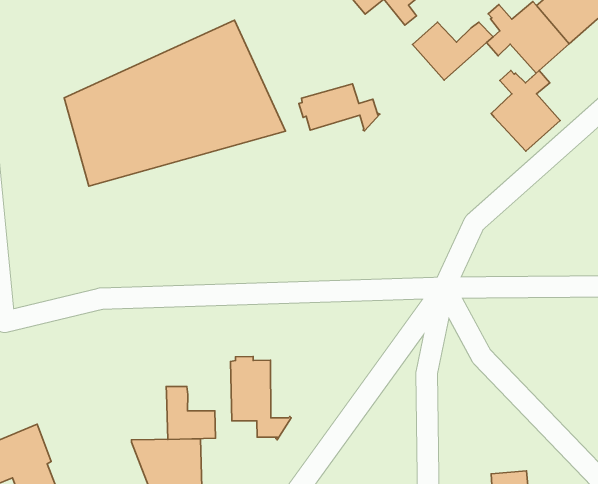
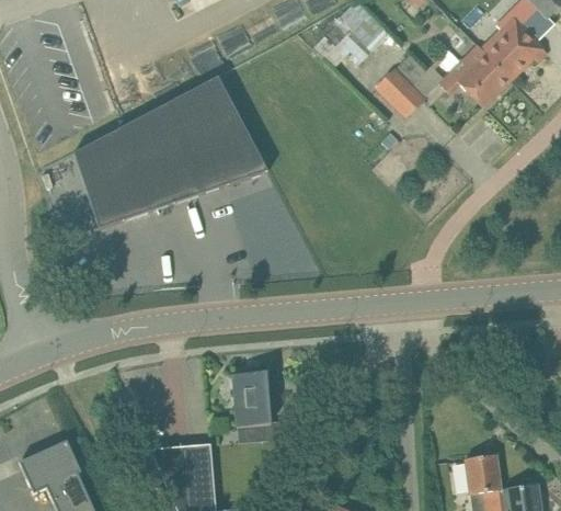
building: [491,71,560,151] -> none
building: [299,84,380,131] -> none
building: [166,386,216,439] -> none

